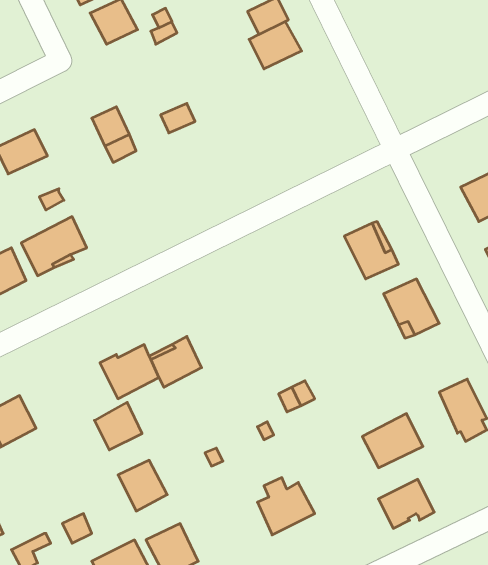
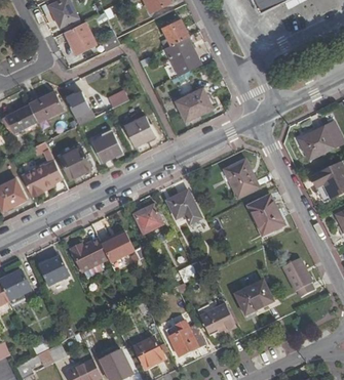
building: none -> [176,87,212,119]
building: none -> [29,90,63,121]
building: none -> [123,114,155,146]
building: none -> [92,130,123,163]
building: none -> [60,144,90,175]
building: none -> [166,192,201,226]
building: none -> [133,205,163,234]
building: [94,402,142,450] -> [39,256,69,286]
building: [118,460,167,511] -> [133,336,164,368]
building: [378,479,434,528] -> [201,305,236,336]

